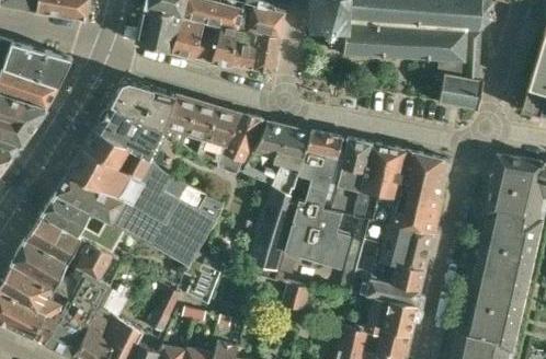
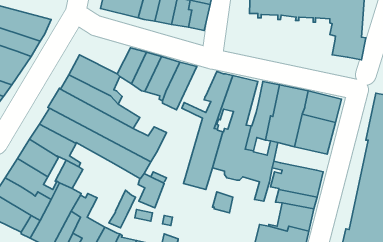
building: [109,81,175,129] -> none
building: [252,120,288,158] -> none
building: [363,219,433,257] -> none

